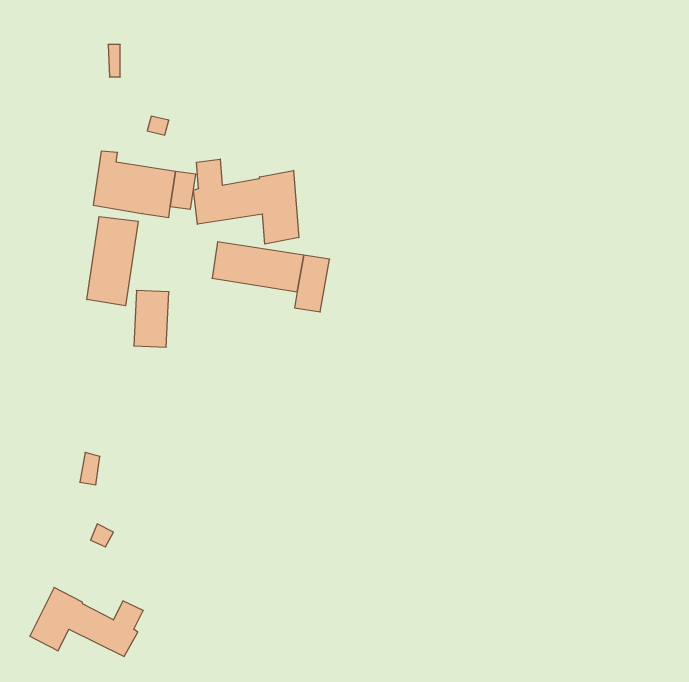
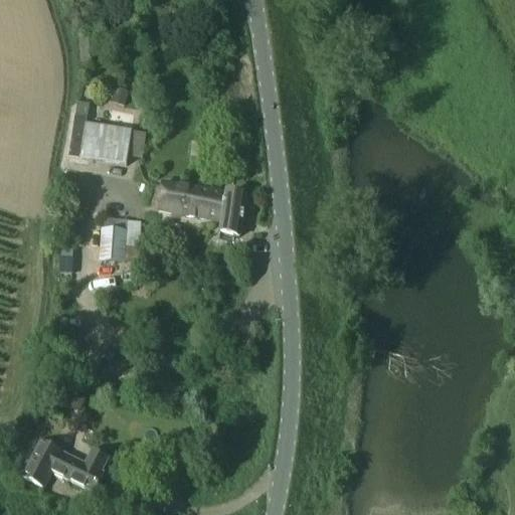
building: [193,159,299,244] -> none
building: [87,217,138,306] -> none

